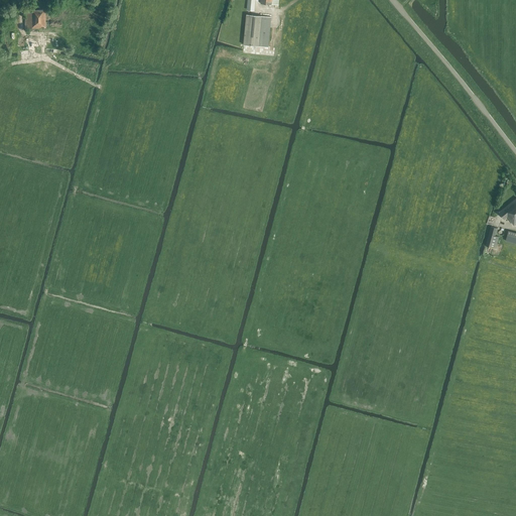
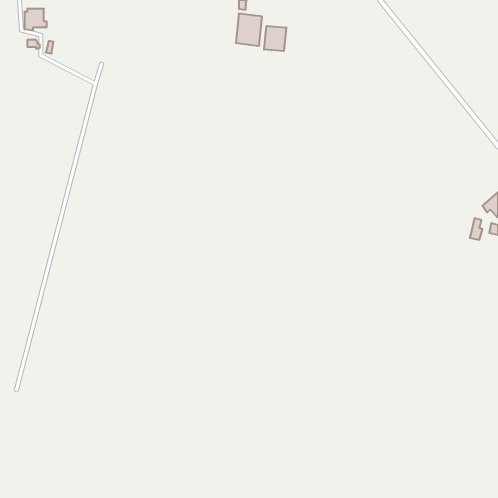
building: none -> [264,26,286,51]

